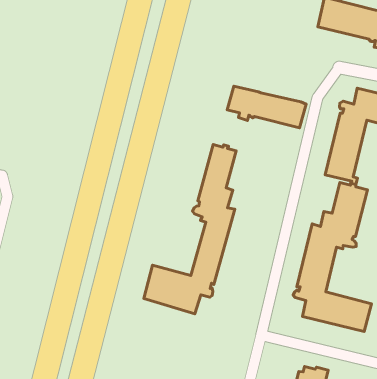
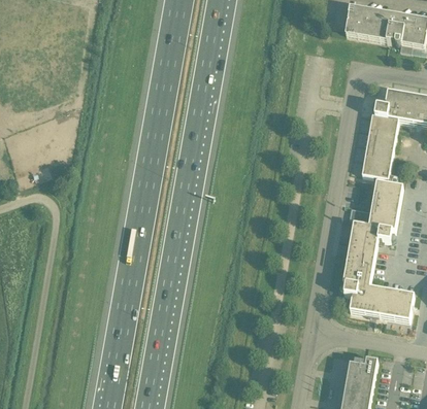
building: [227,86,306,128] -> none
building: [144,145,236,314] -> none

